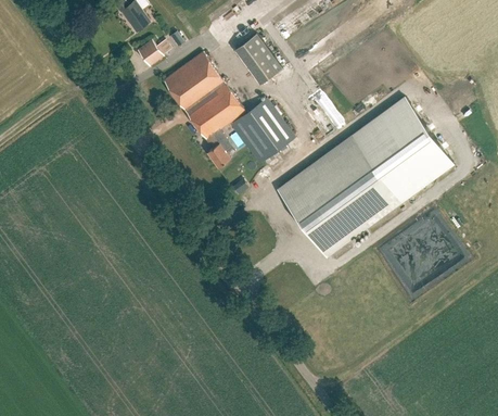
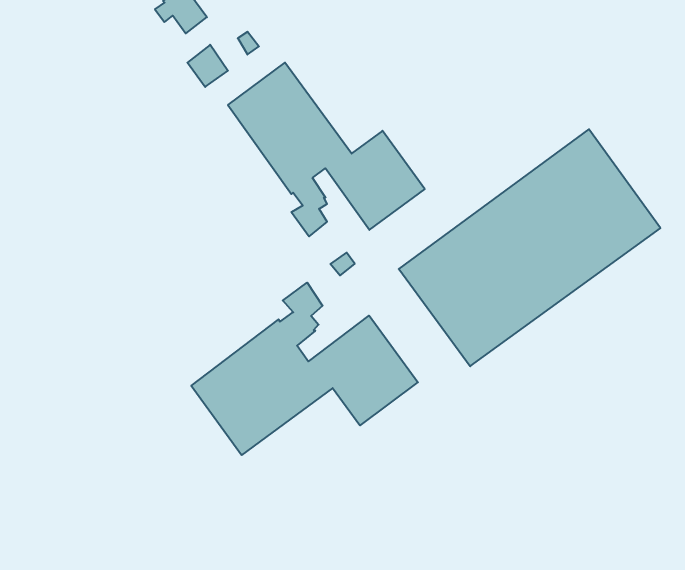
building: [231,37,278,84] -> none
building: none -> [191,283,418,455]

